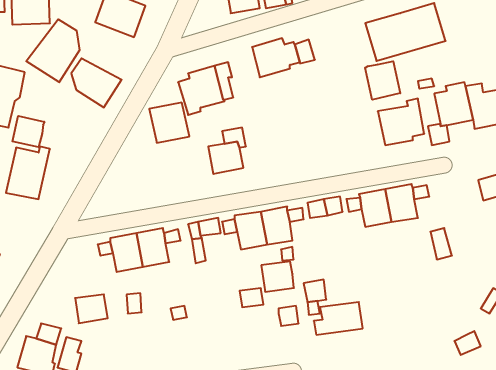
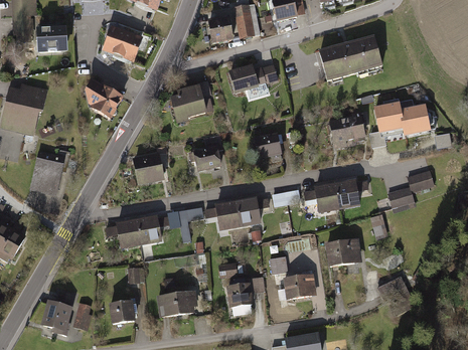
building: [26,19,80,82] -> none
building: [365,61,400,100] -> none
building: [149,103,189,143] -> [131,153,163,185]
building: [12,116,44,147] -> none
building: none -> [253,132,282,161]
building: none -> [386,185,414,207]
building: none -> [325,238,361,267]
building: [261,262,294,292] -> [225,283,252,307]
building: [75,294,108,323] -> [108,301,134,324]
building: none -> [376,275,411,300]
building: none -> [155,290,196,317]

